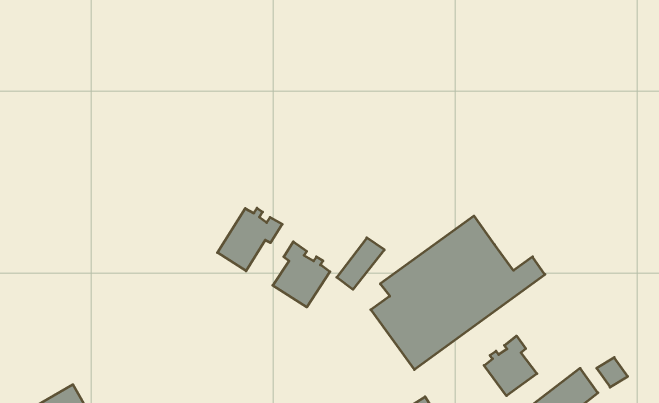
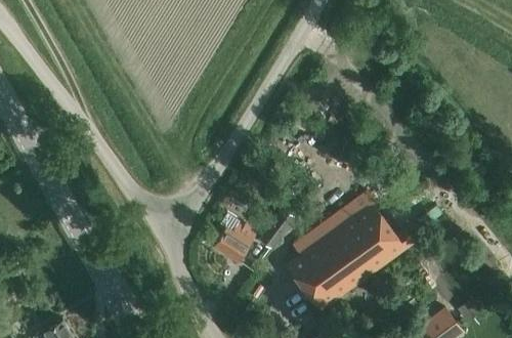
building: [217,208,282,271] -> none
building: [484,336,537,396] -> none

